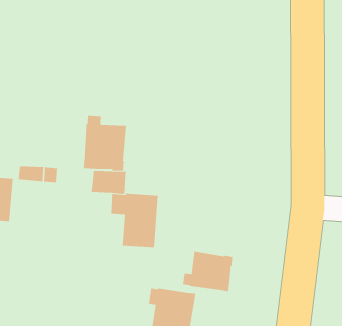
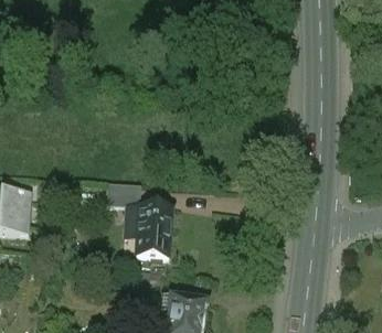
building: [83,115,126,171] -> none
building: [183,251,233,292] -> none

